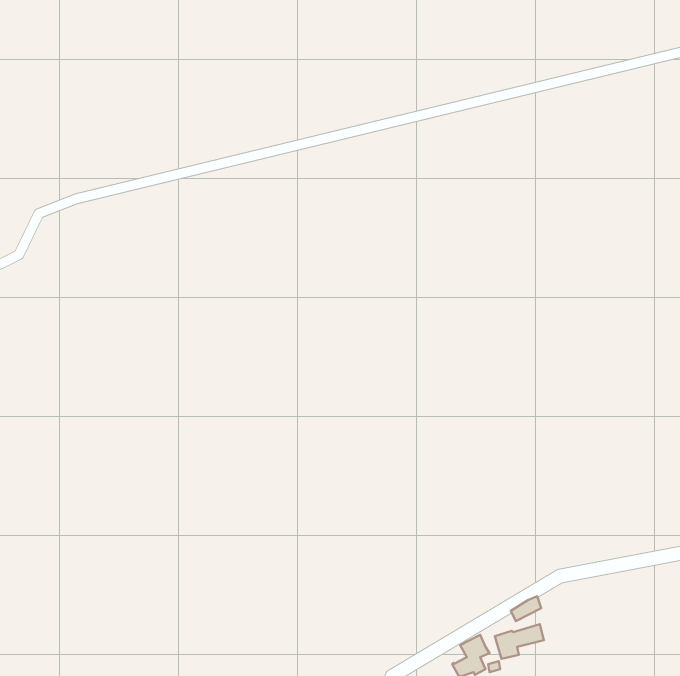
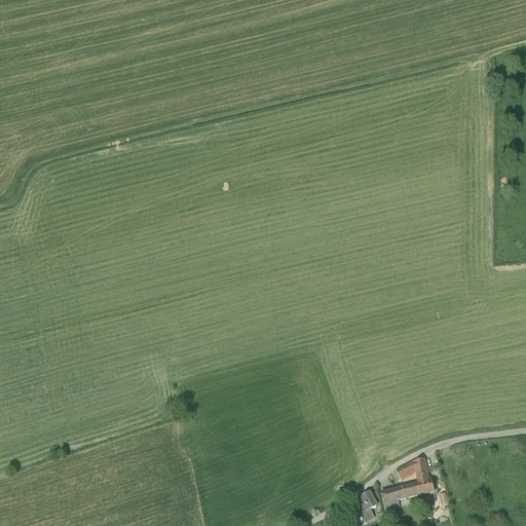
building: none -> [415,456,435,493]

